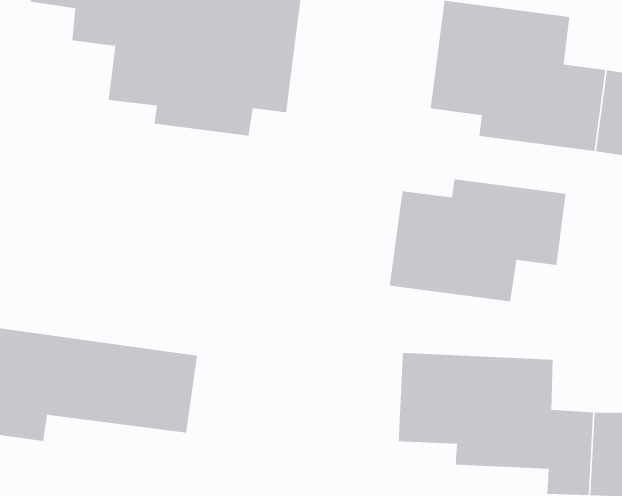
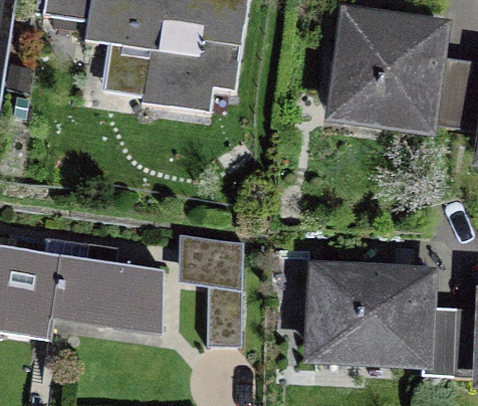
building: [389,178,566,302] -> none
building: none -> [182,233,239,344]

